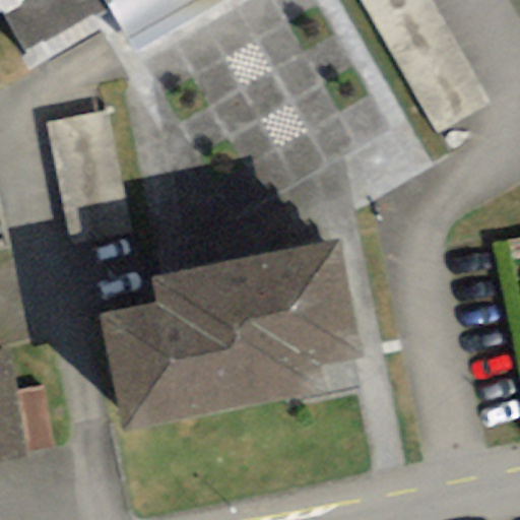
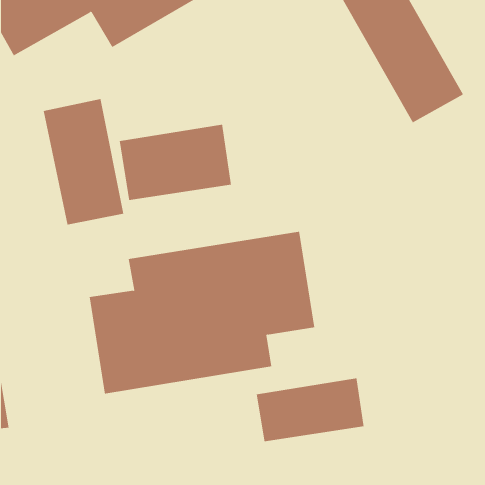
building: none -> [119,124,232,201]
building: none -> [256,378,364,442]

